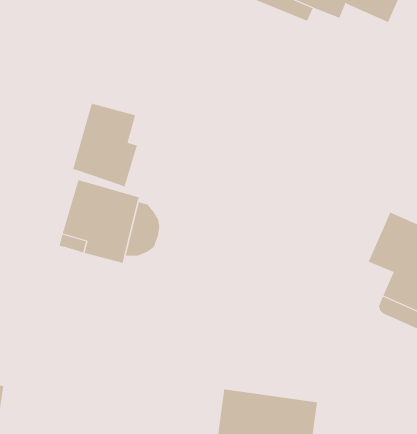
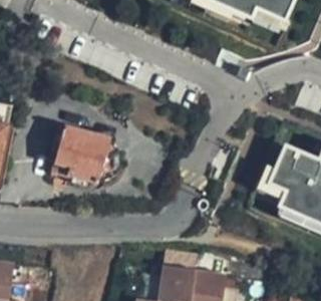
building: [72,103,138,187] -> none

